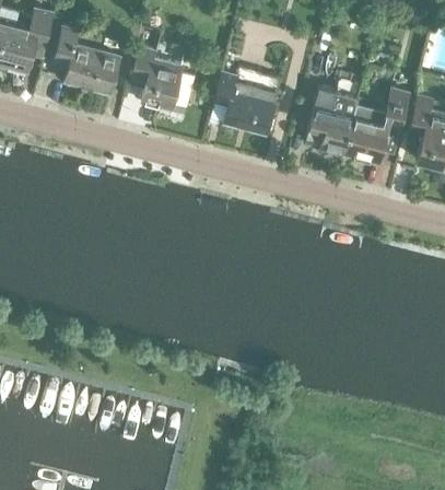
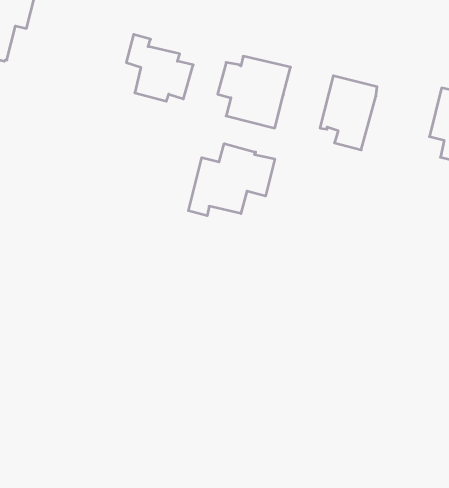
building: [54,28,120,93] -> none
building: [346,90,410,162] -> none
building: none -> [188,144,275,216]

